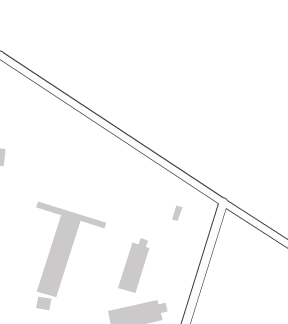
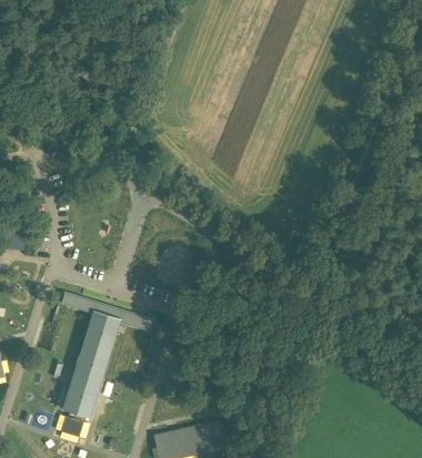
building: [117,237,150,294] -> none

